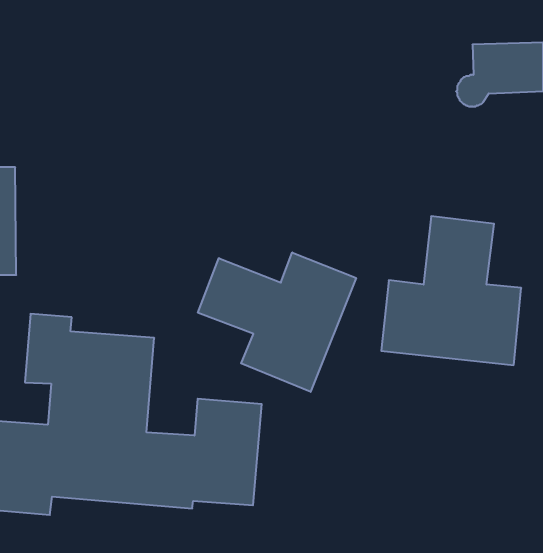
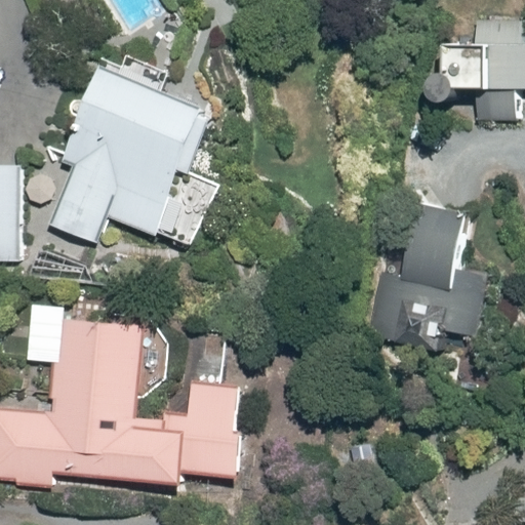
building: none -> [46,70,212,245]
building: [198,252,356,392] -> none

